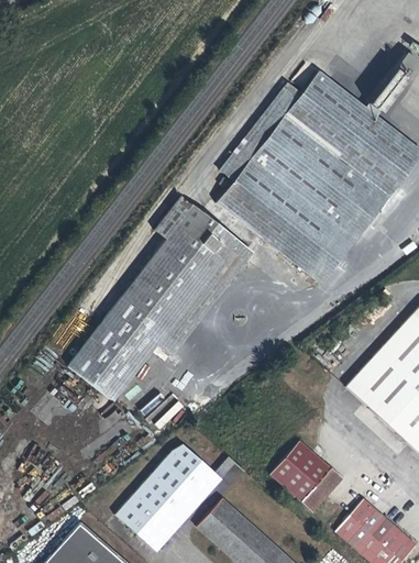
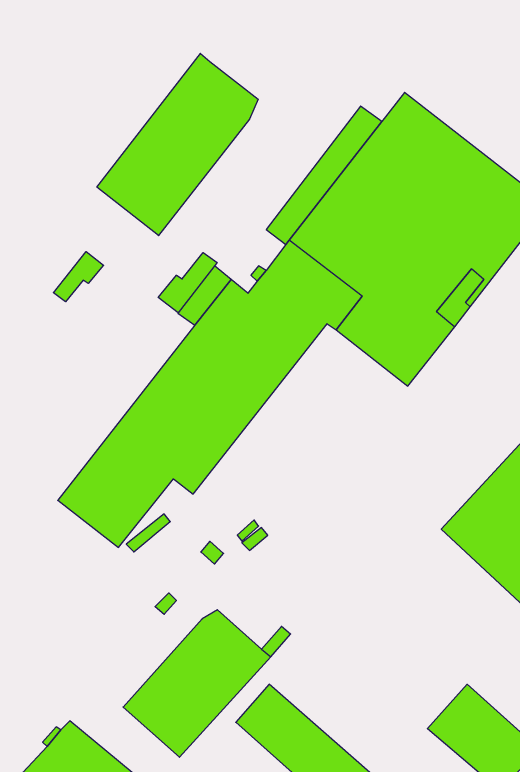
building: none -> [97,53,258,236]
building: none -> [53,252,104,302]
building: none -> [158,253,217,313]
building: [273,441,343,510] -> none

